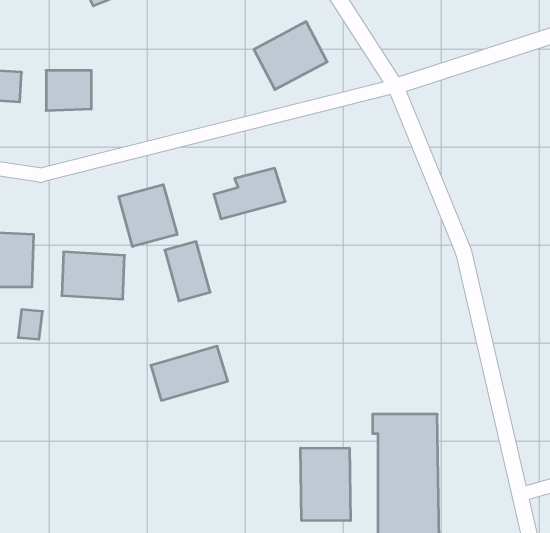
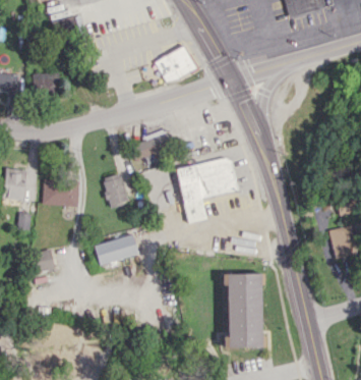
building: [119,185,177,247] -> none
building: none -> [177,157,238,223]
building: none -> [32,249,56,274]
building: [301,448,350,521] -> none

